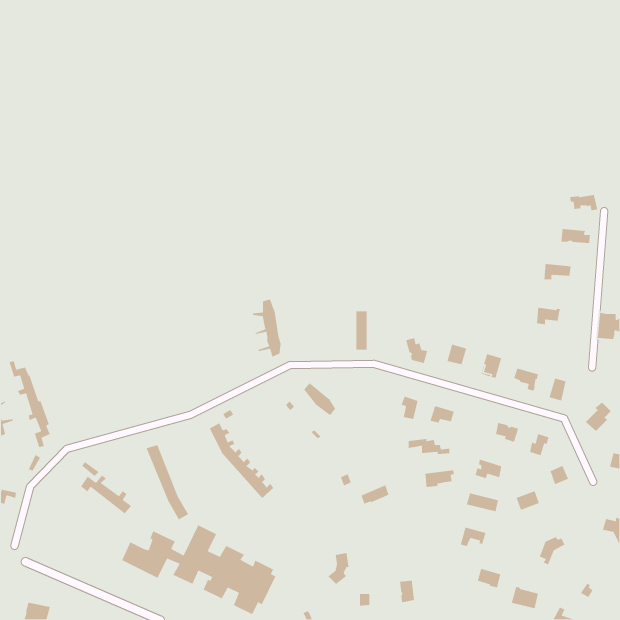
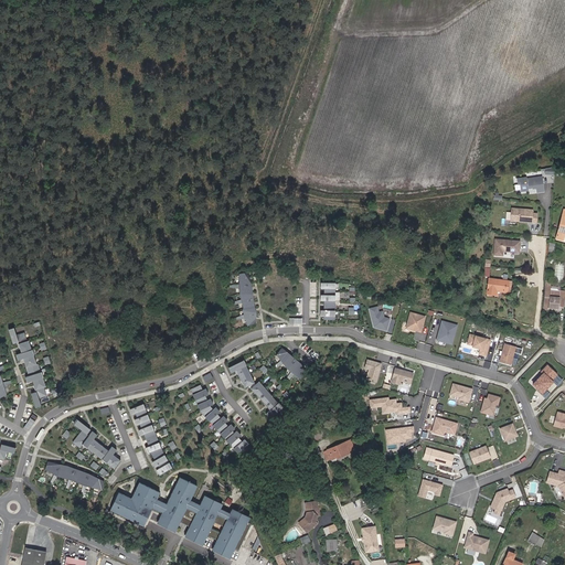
building: none -> [228,360,281,418]
building: none -> [45,461,104,495]

